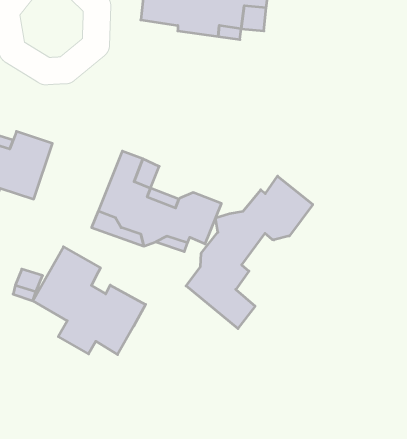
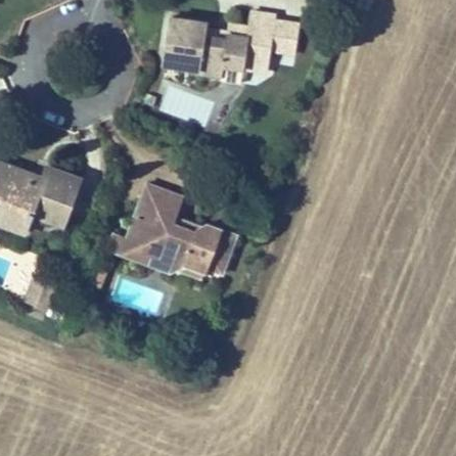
building: [186,176,313,329] -> none
building: [33,247,146,355] -> none

